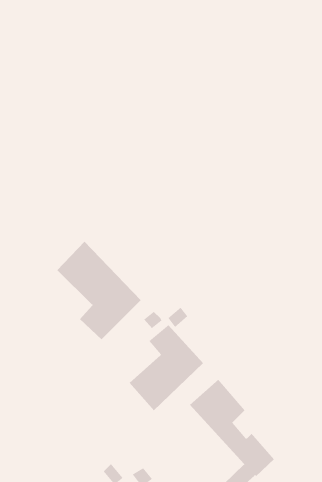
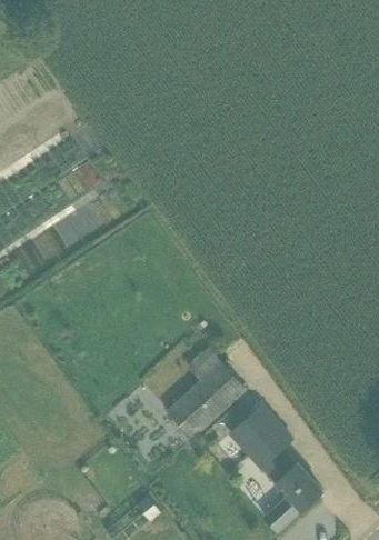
building: [56,241,141,340] -> none

